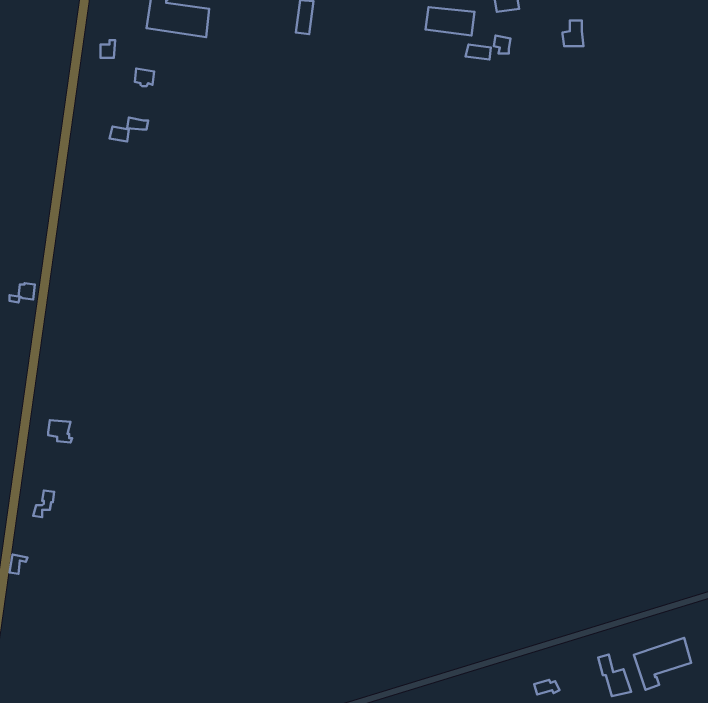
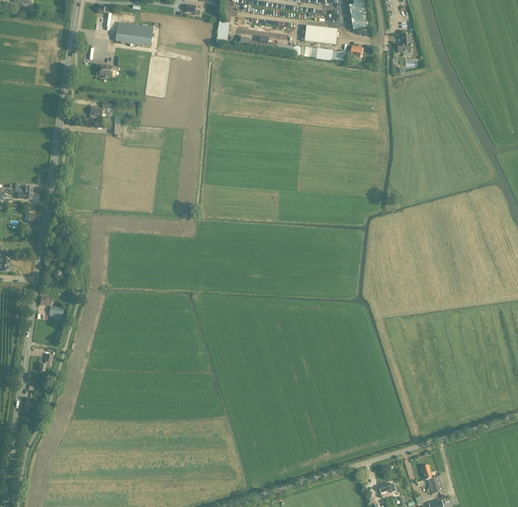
building: [634,638,691,690] -> none

